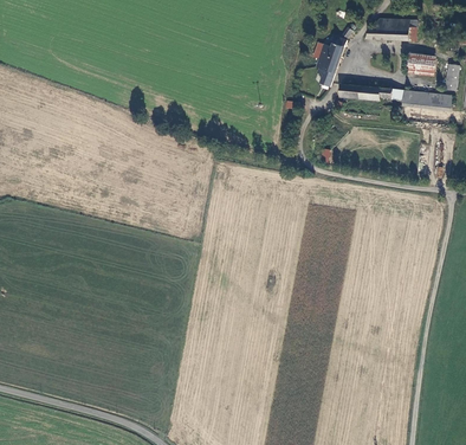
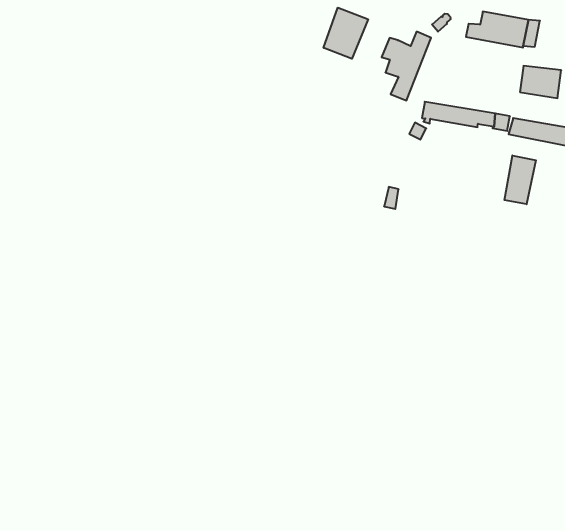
building: none -> [324,8,368,59]
building: none -> [504,155,536,204]

